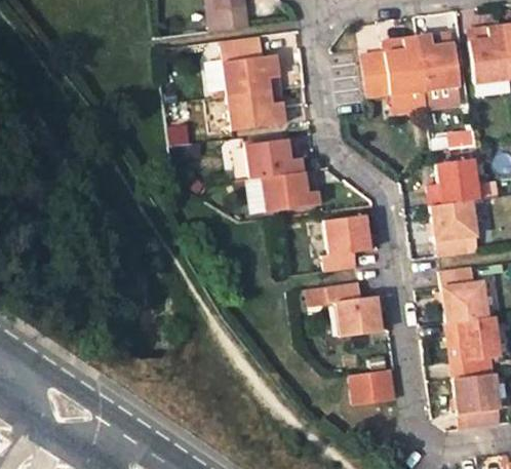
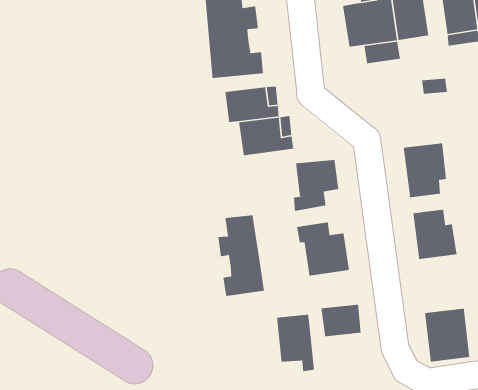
building: [429,159,478,203] -> none
building: none -> [218,215,265,297]
building: [447,315,502,373] -> none
building: none -> [276,314,315,372]

